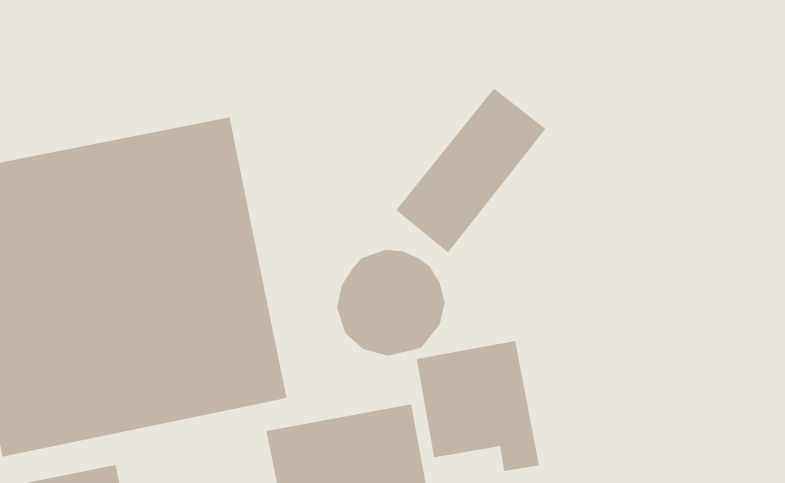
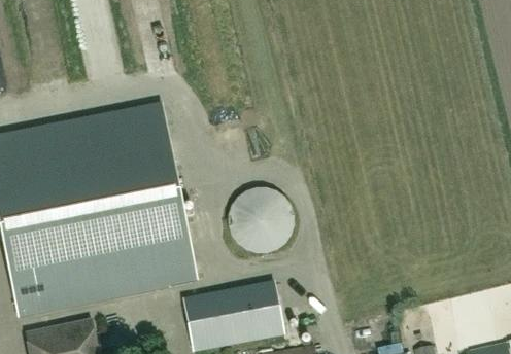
building: [395,87,546,254] -> none
building: [416,340,540,472] -> none

